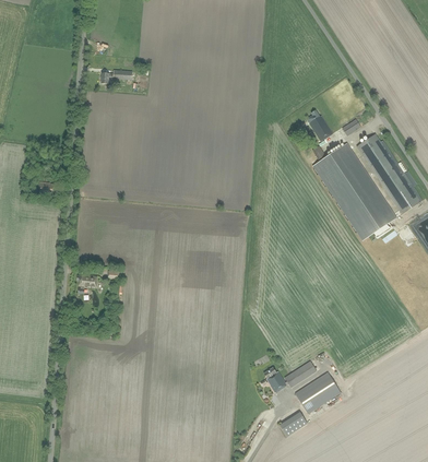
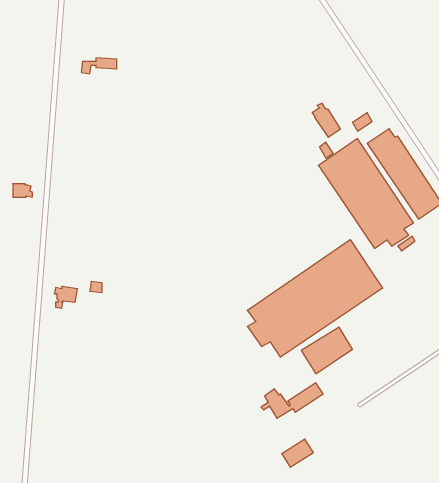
building: none -> [247,240,383,357]
building: [294,372,340,414] -> [301,327,353,374]

